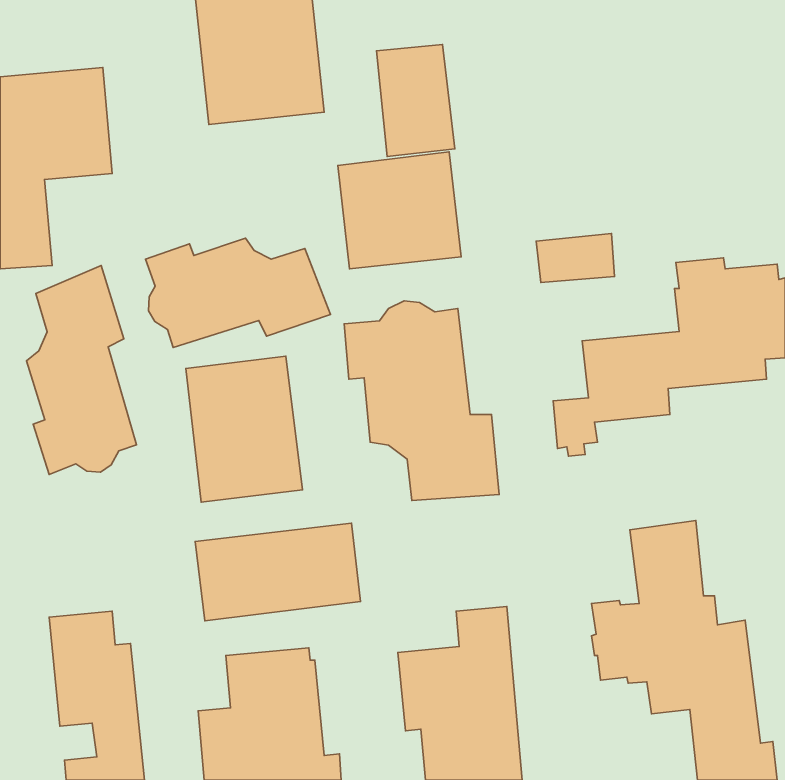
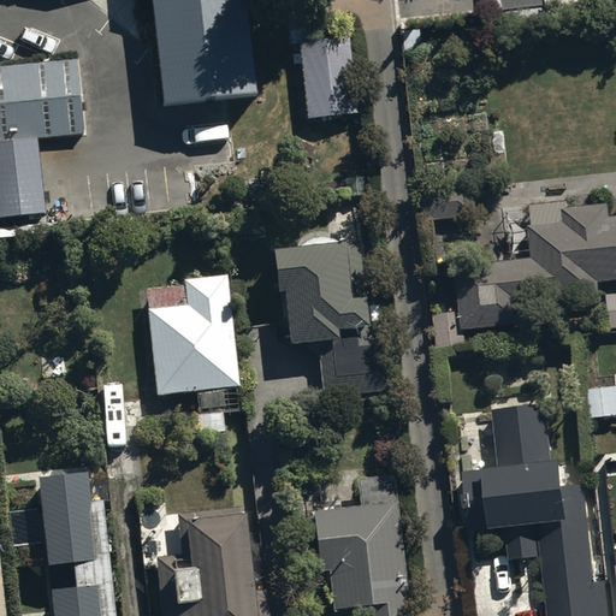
building: [338,152,461,269] -> none
building: [145,238,331,347] -> none
building: [27,266,137,475] -> none
building: [195,523,361,621] -> none

